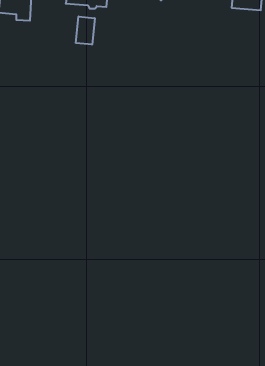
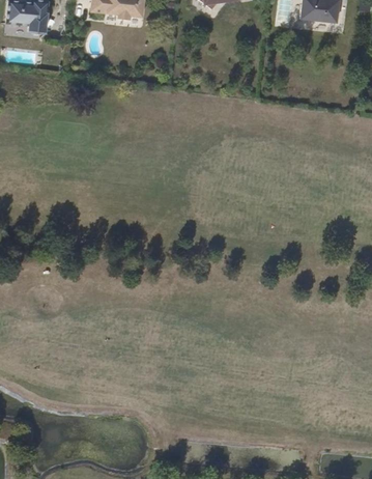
building: [76,16,95,45] -> none

